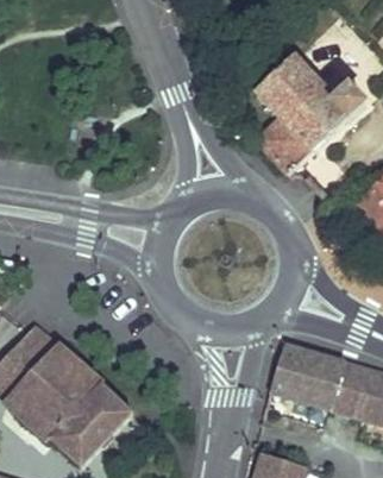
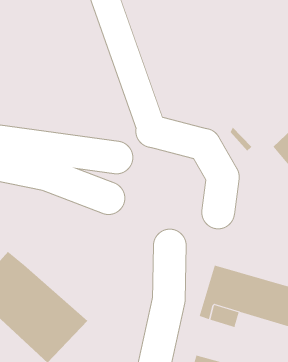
building: [258,59,364,172] -> none

